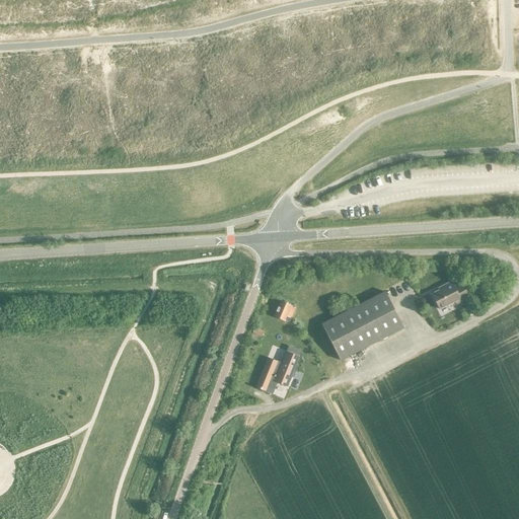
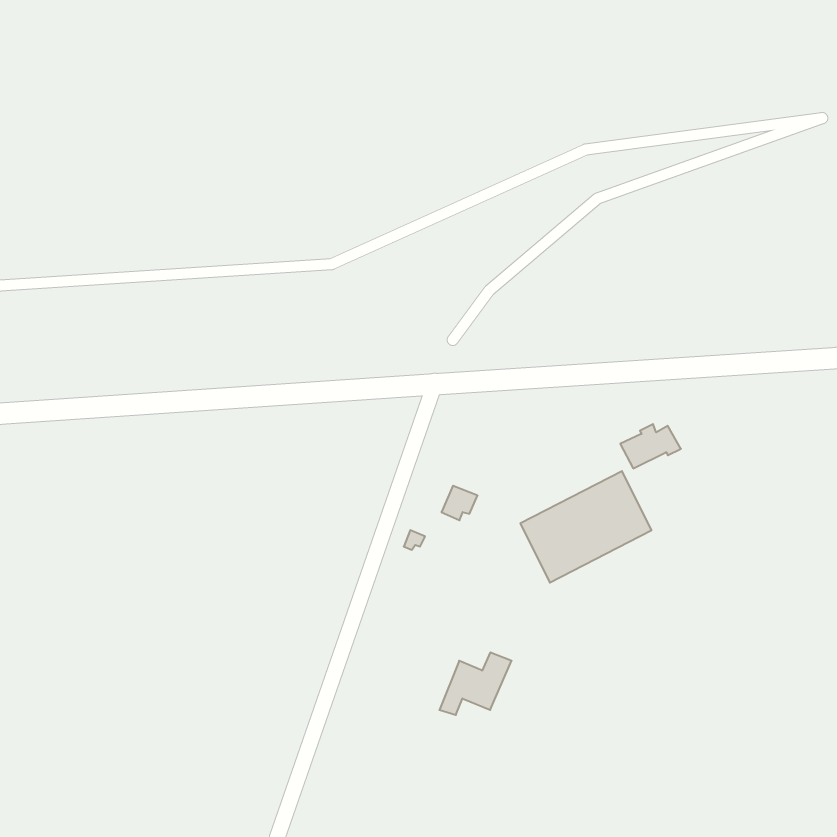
building: [432,281,469,308] -> [620,424,681,468]
building: [255,351,300,389] -> [439,652,512,715]

